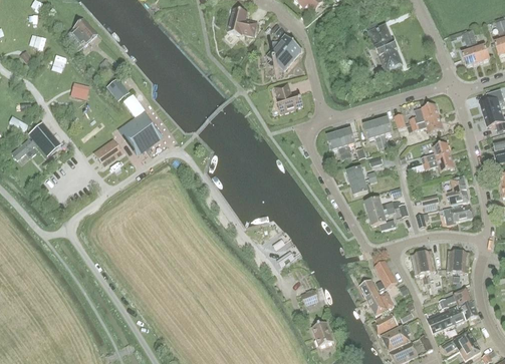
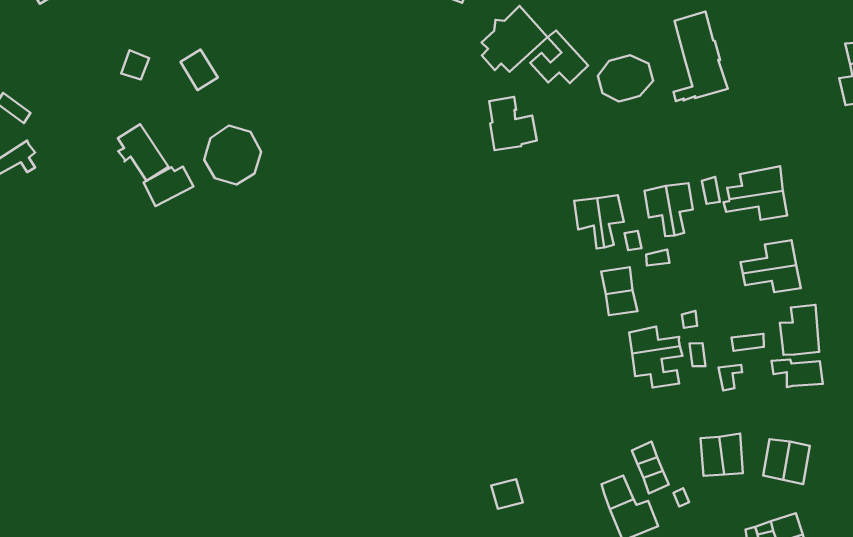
building: none -> [530,31,588,83]
building: none -> [598,55,653,102]
building: [29,123,58,153] -> [118,124,169,181]

